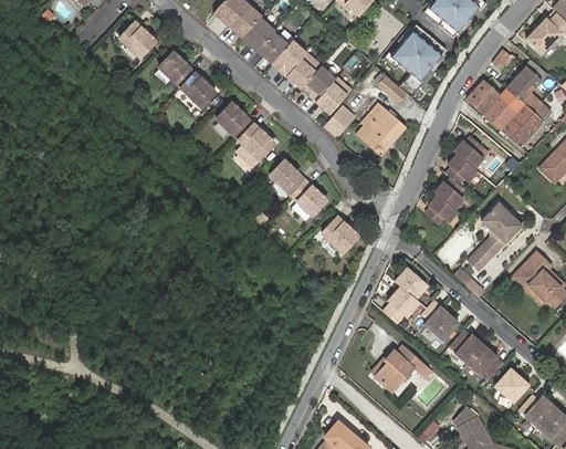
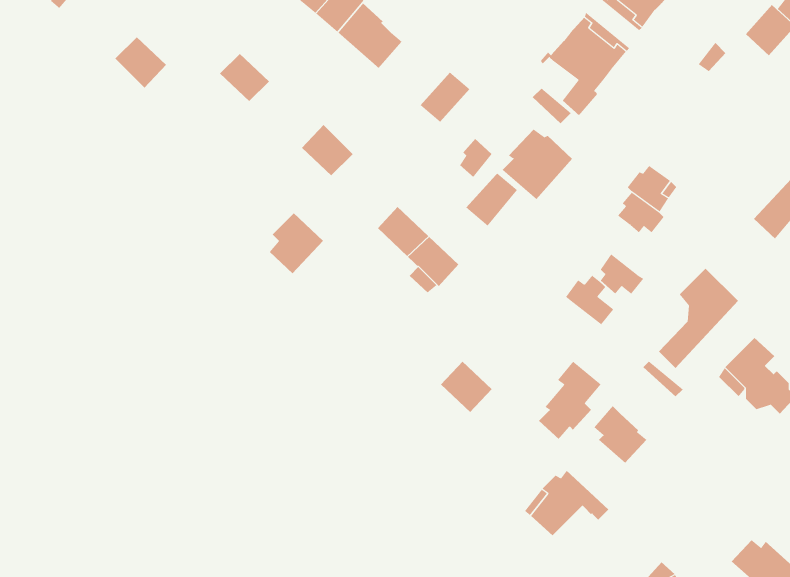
building: [120,22,157,59] -> [115,37,167,89]
building: [271,41,321,90] -> none
building: [468,61,551,147] -> none
building: [180,73,216,108] -> none
building: [314,77,350,115] -> [466,173,518,226]
building: [235,124,274,167] -> [269,212,324,274]
building: [428,174,462,209] -> [565,275,614,325]
building: [322,217,358,253] -> [440,361,492,413]
building: [449,328,502,379] -> none
building: [493,366,530,403] -> none

